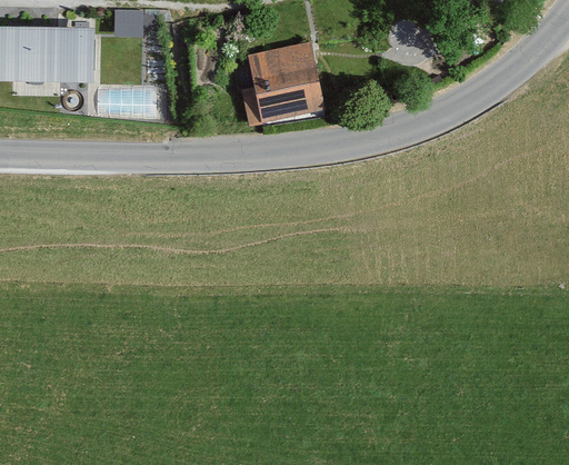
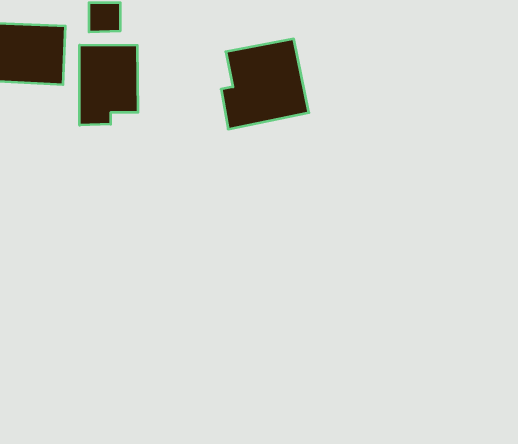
building: none -> [80,45,138,125]

